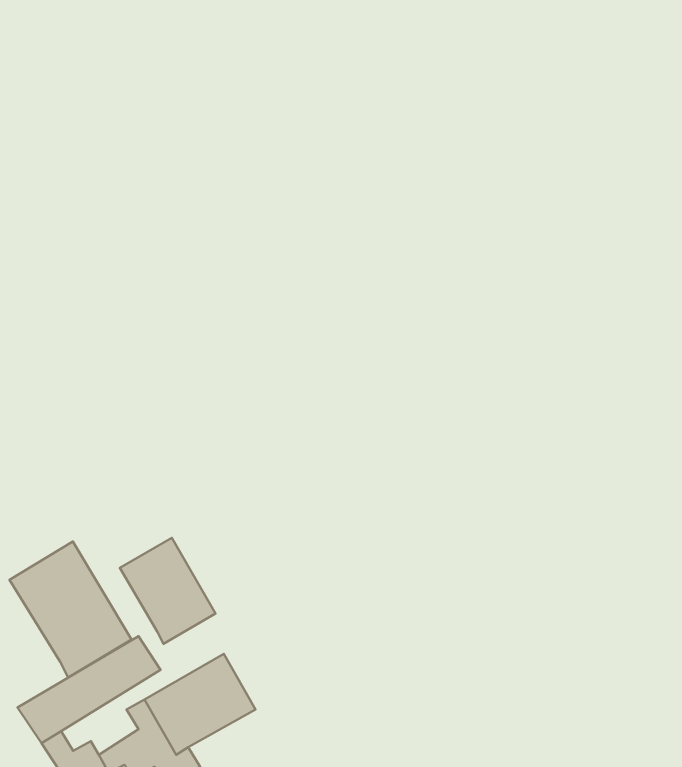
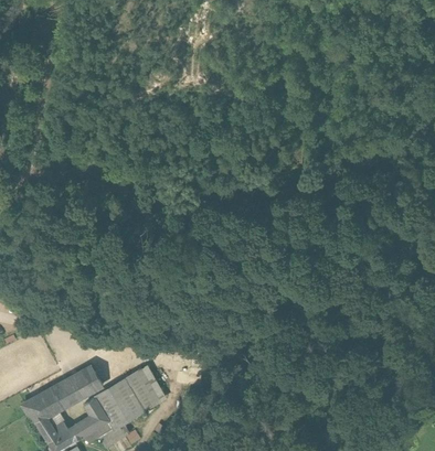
building: [120,538,216,644] -> none
building: [10,542,131,677] -> none

